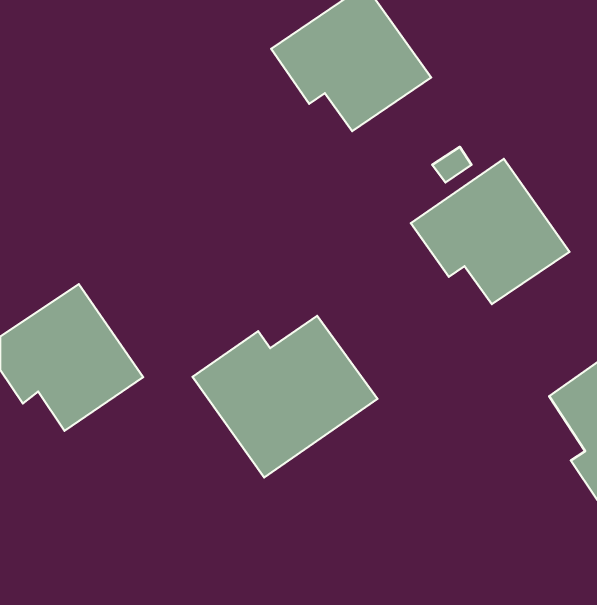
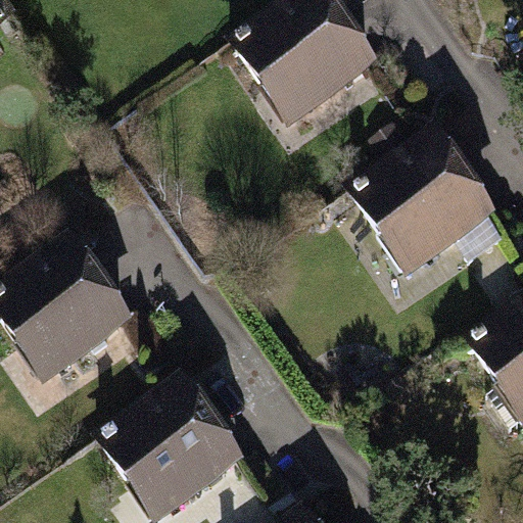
building: [192,316,377,478] -> none
building: none -> [109,382,246,509]

